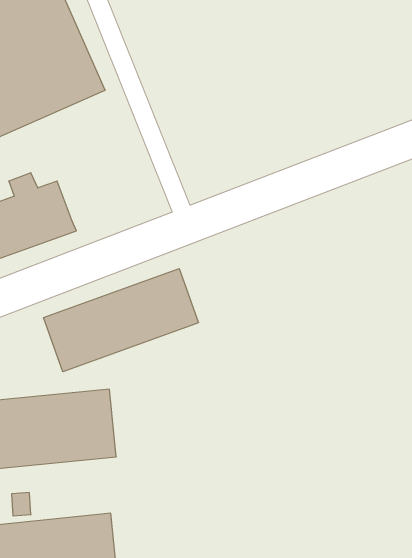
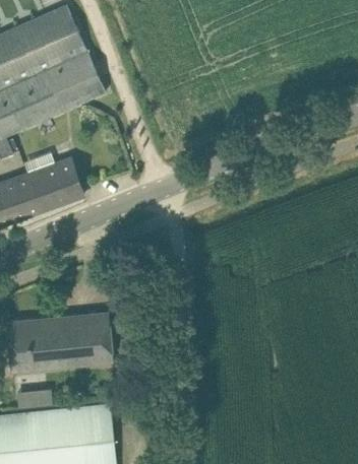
building: [44,269,198,372] -> none

